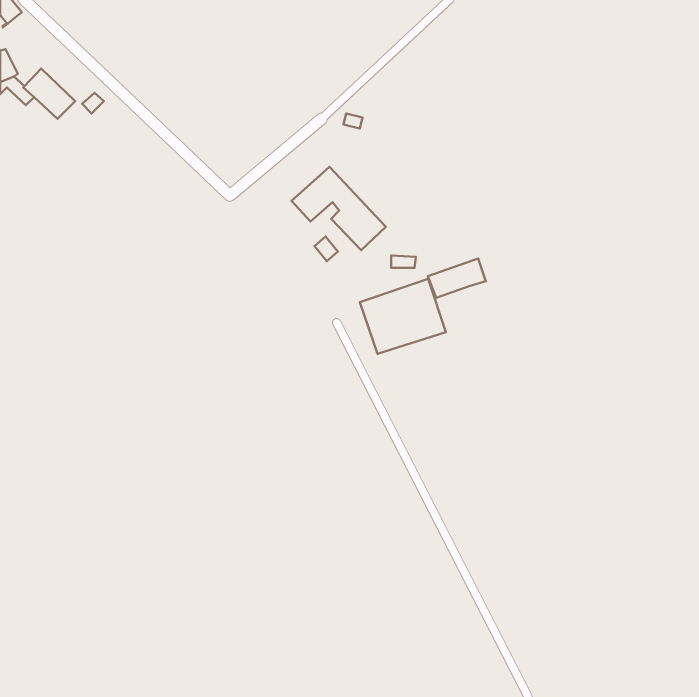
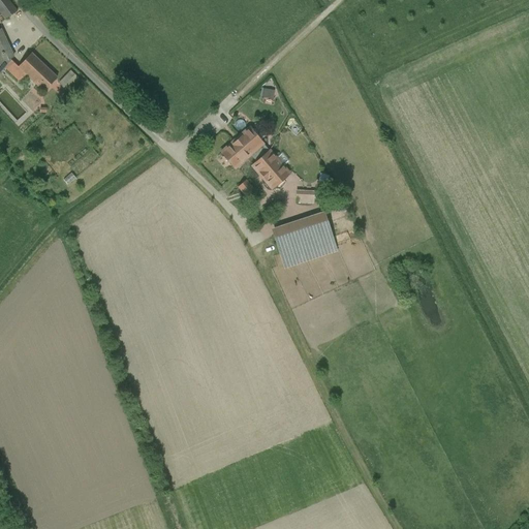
building: [428,258,486,298] -> none

